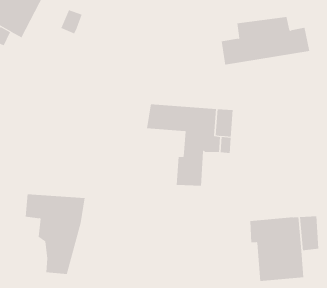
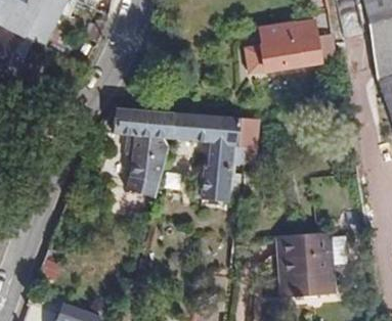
building: [25,194,85,274] -> [112,109,174,192]

